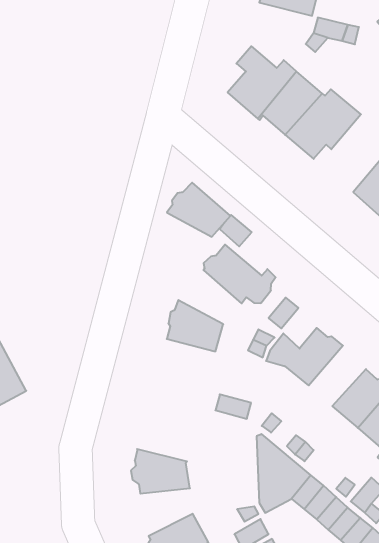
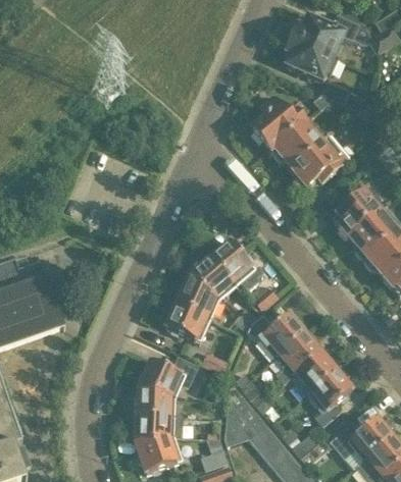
building: [167,183,230,237] -> [189,256,236,299]
building: none -> [165,303,210,340]
building: none -> [275,329,320,373]
building: none -> [139,357,197,396]
building: none -> [133,415,183,447]

